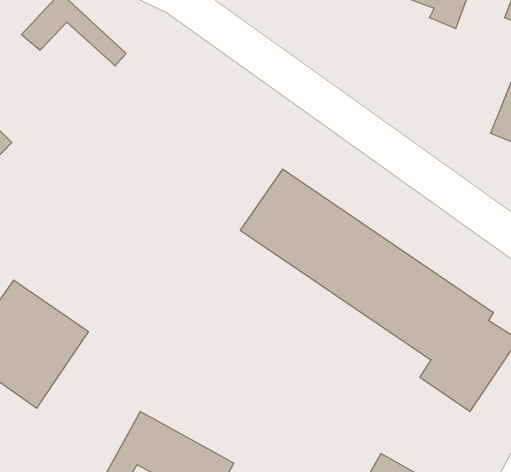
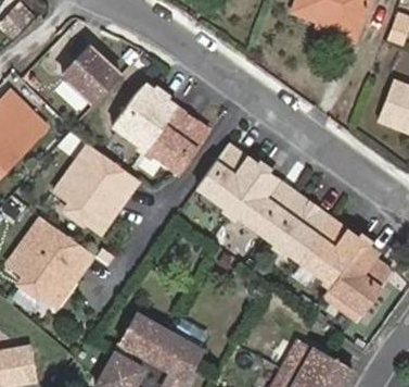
building: none -> [61,54,118,112]
building: none -> [116,86,214,175]
building: none -> [59,147,141,235]

